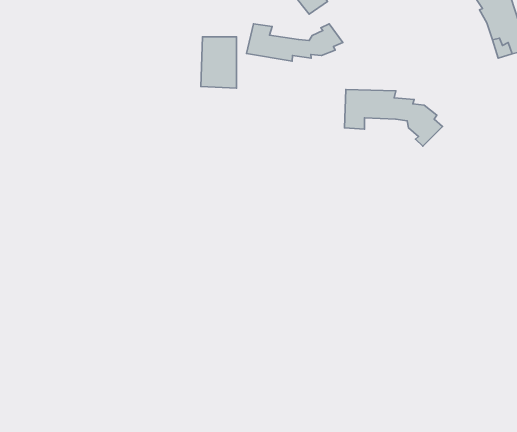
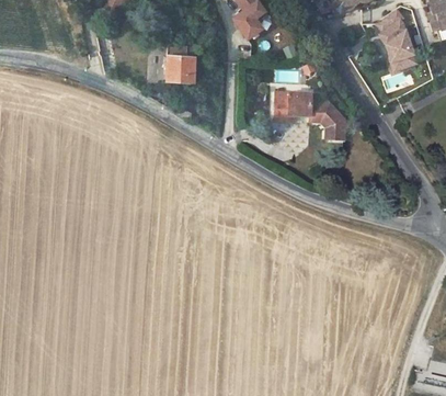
building: [247,24,343,61] -> none

